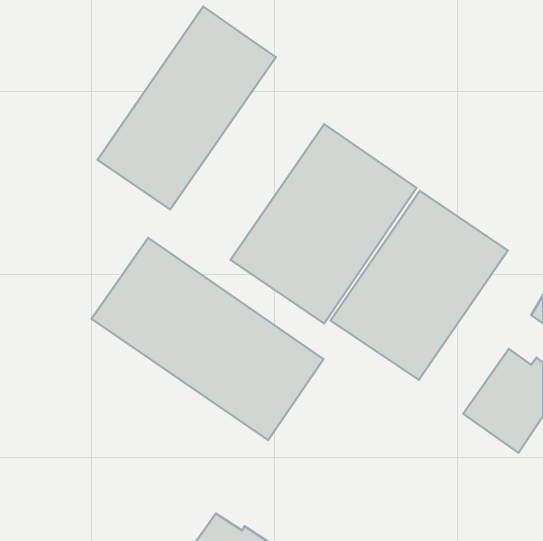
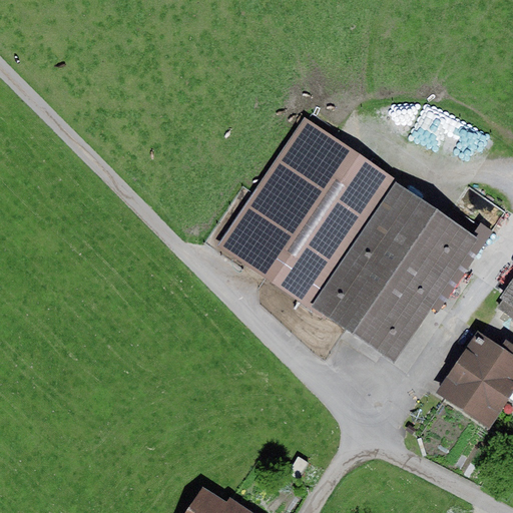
building: [97,6,276,209] -> none
building: [92,238,324,440] -> none

